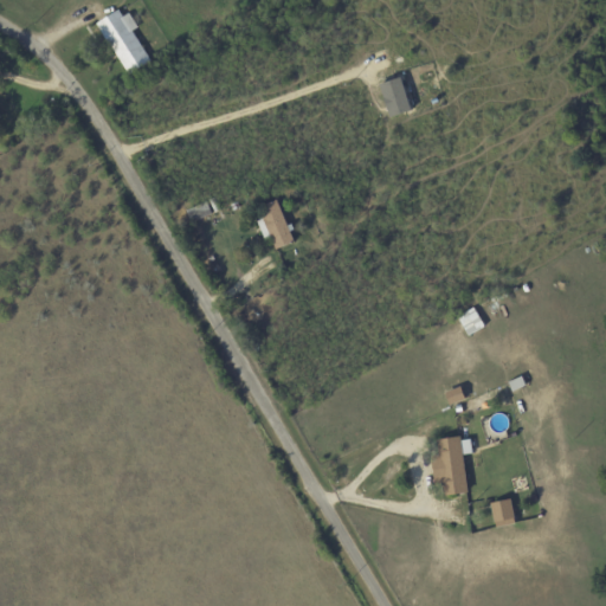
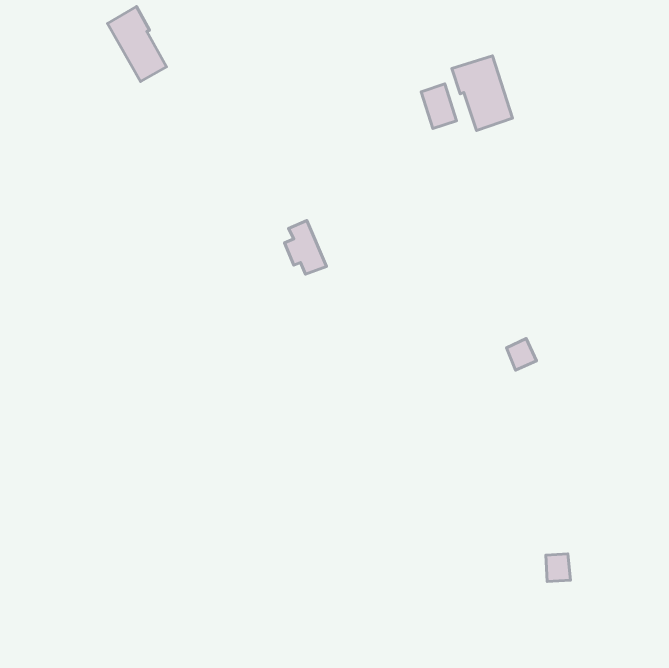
building: none -> [452,56,513,130]
building: [433,436,472,494] -> none

